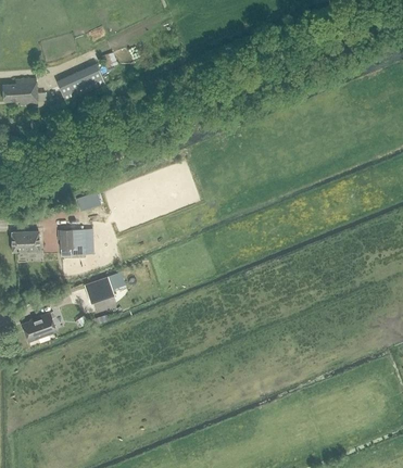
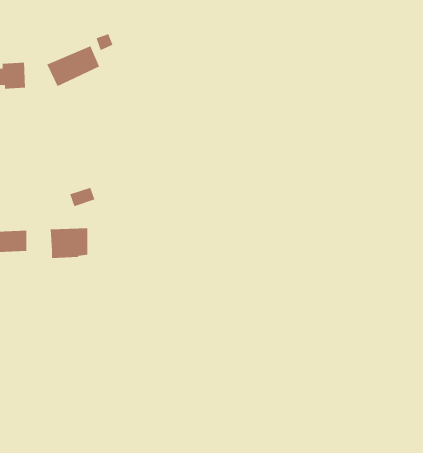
building: [86,276,115,303] -> none
building: [23,312,56,340] -> none

